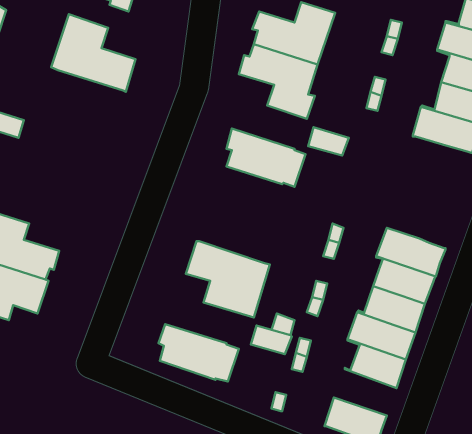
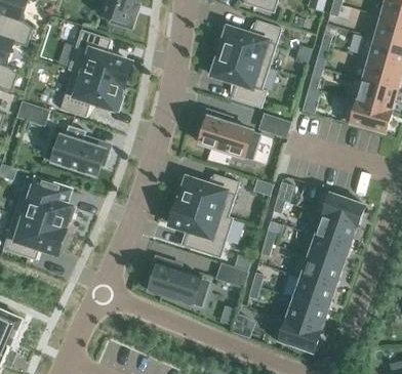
building: none -> [61,71,122,117]
building: none -> [44,133,109,175]
building: none -> [178,173,239,216]
building: none -> [281,296,328,331]

